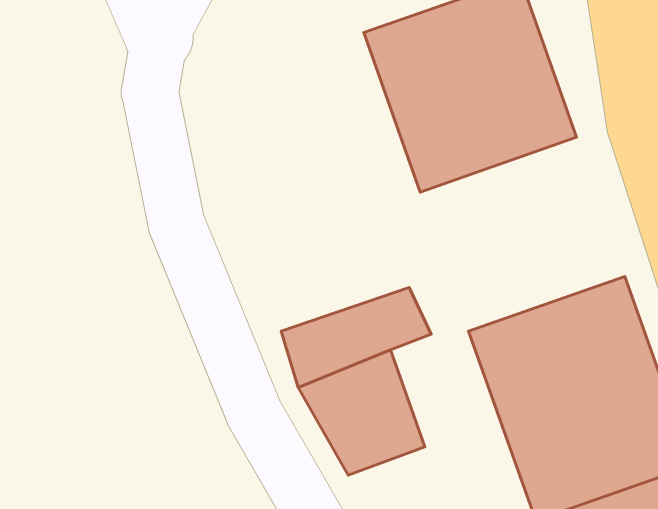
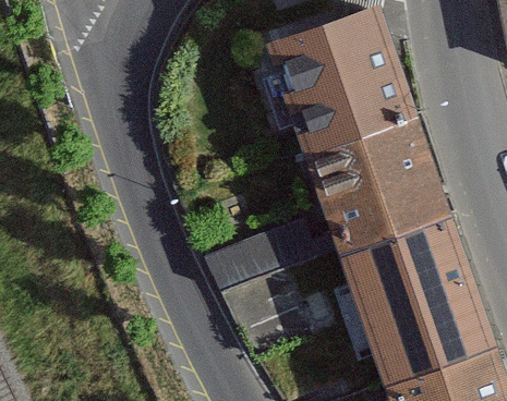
building: none -> [306,119,449,254]

